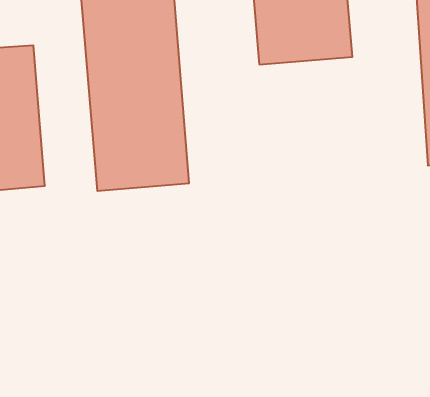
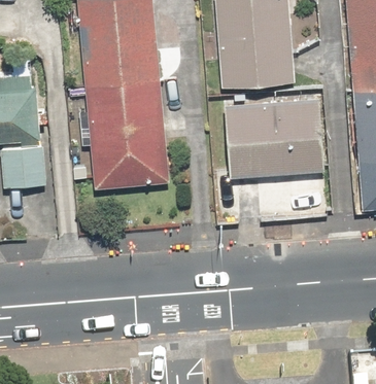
building: none -> [224,96,327,181]

